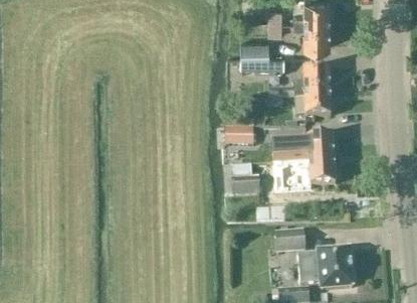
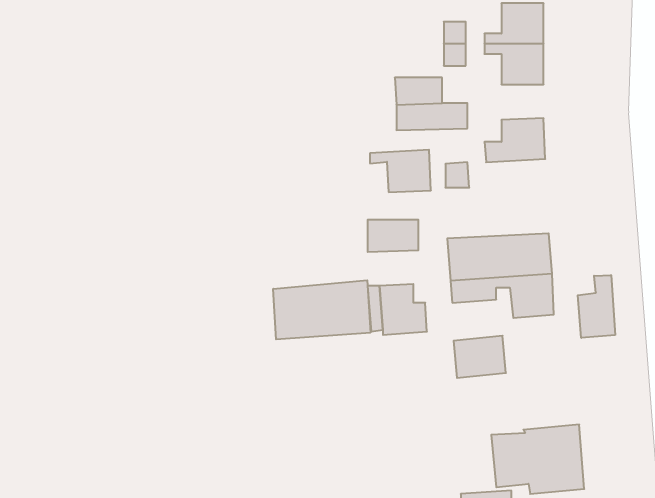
building: [296,96,333,121] -> [370,150,431,192]
building: none -> [578,275,615,338]
building: none -> [273,280,370,339]
building: [277,235,308,260] -> [454,336,506,378]

